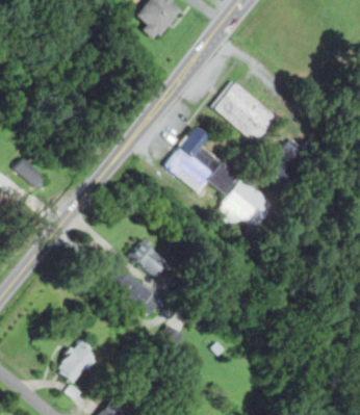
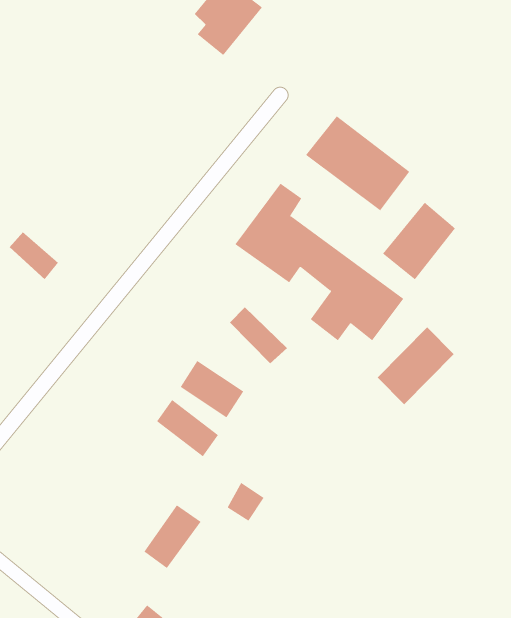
building: none -> [229,306,288,364]
building: none -> [377,327,454,405]
building: [57,341,96,384] -> [144,505,202,569]

